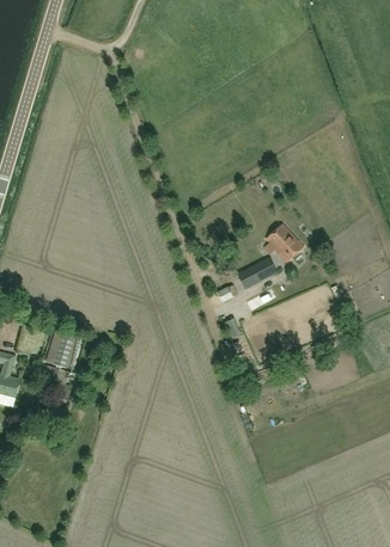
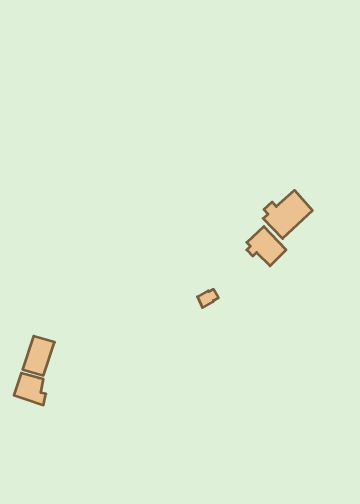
building: none -> [263,190,312,239]
building: [238,258,278,289] -> none

